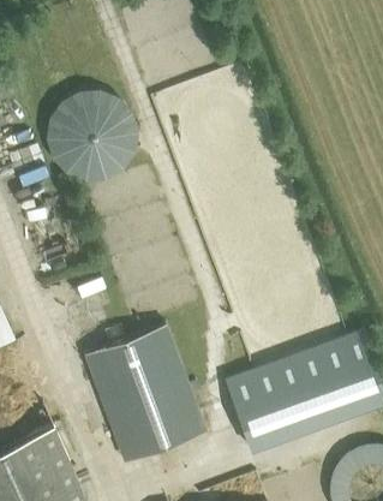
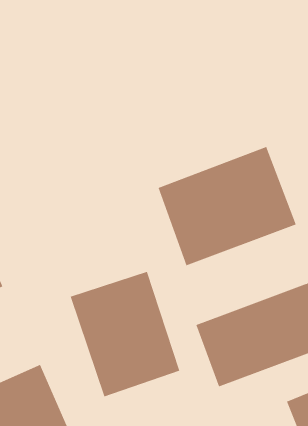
building: [46,91,137,183] -> none
building: none -> [158,146,297,266]

